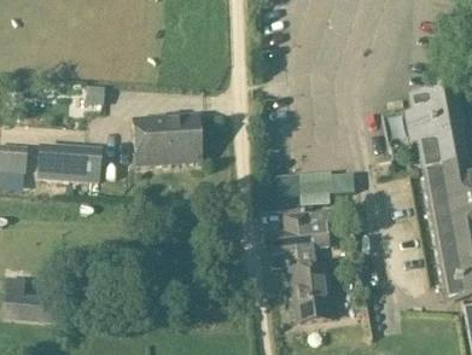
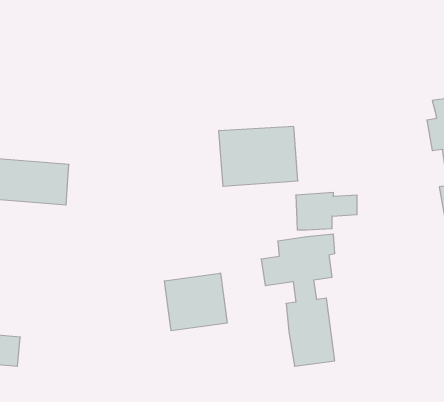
building: [133,114,202,165] -> [219,127,298,186]
building: none -> [165,273,227,331]

